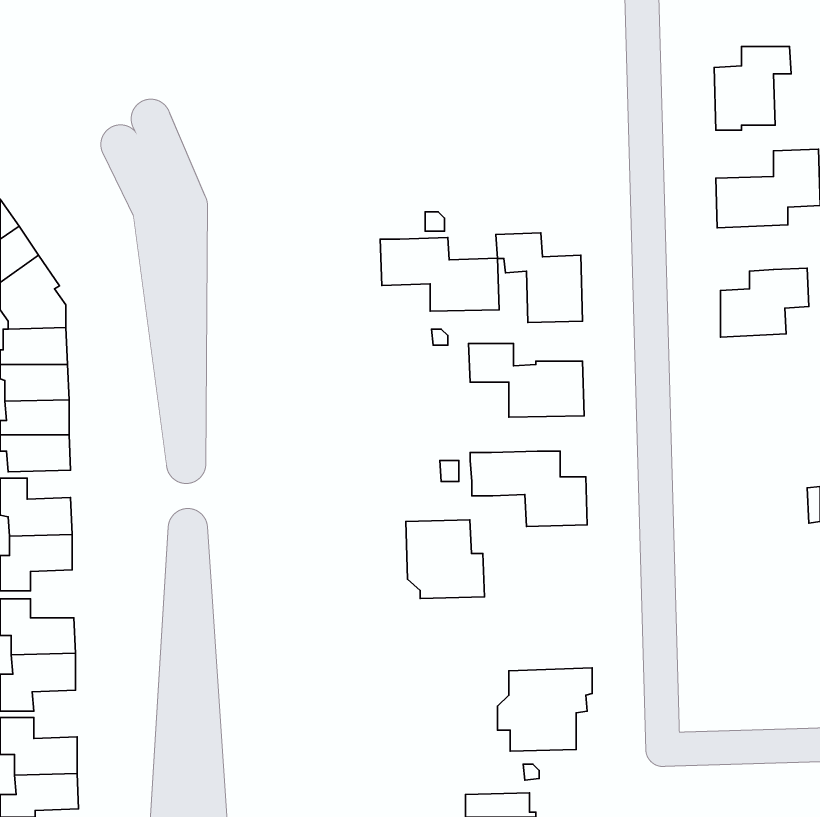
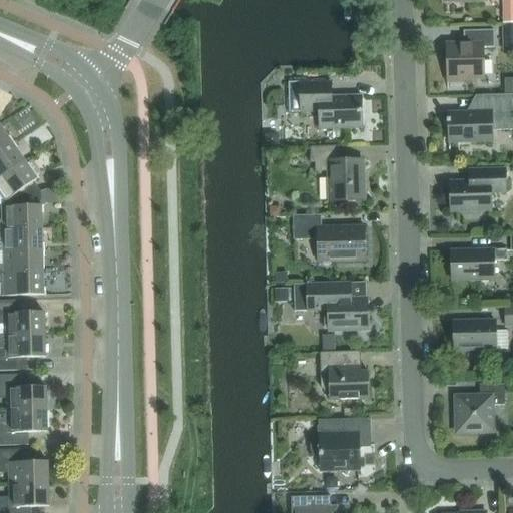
building: [380,237,499,311] -> [288,81,362,127]
building: none -> [451,248,507,280]
building: none -> [453,319,507,350]
building: [406,520,484,598] -> [320,350,369,399]
building: none -> [455,383,504,432]

